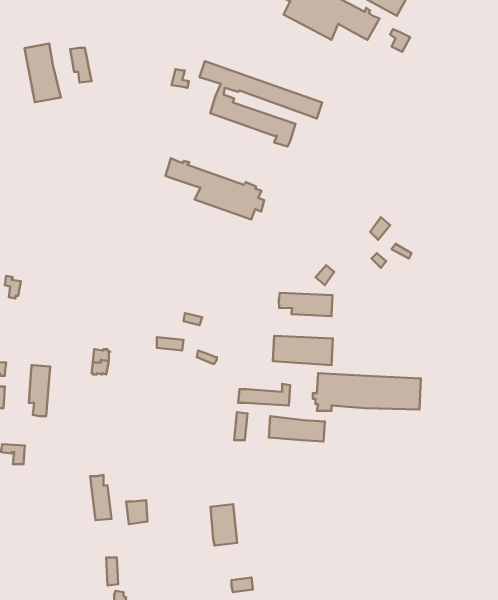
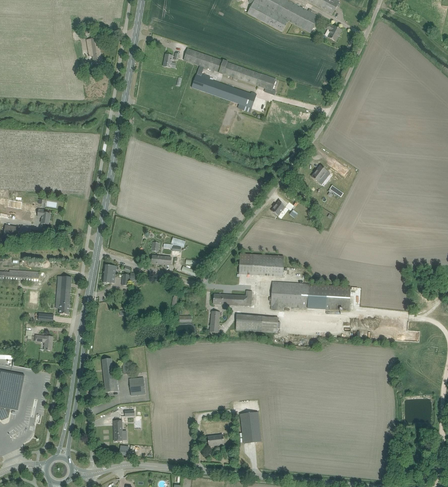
building: [25,44,61,102] -> none
building: [165,158,264,220] -> none
building: [279,293,333,316] -> none
building: [211,504,237,545] -> [240,411,260,442]

